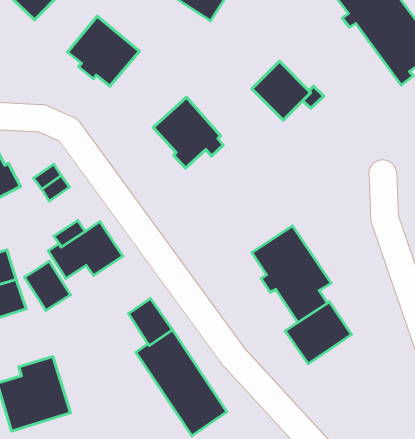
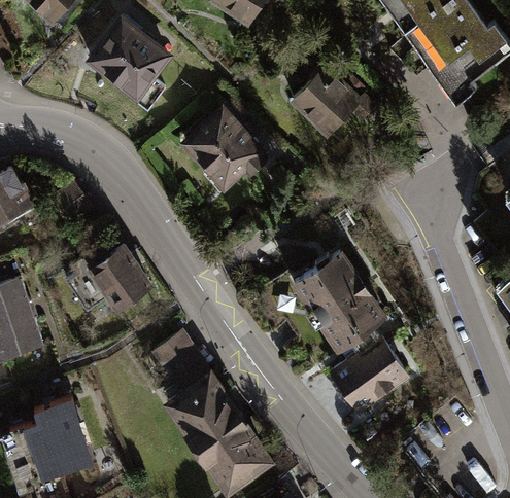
building: [24,261,71,311] -> none

